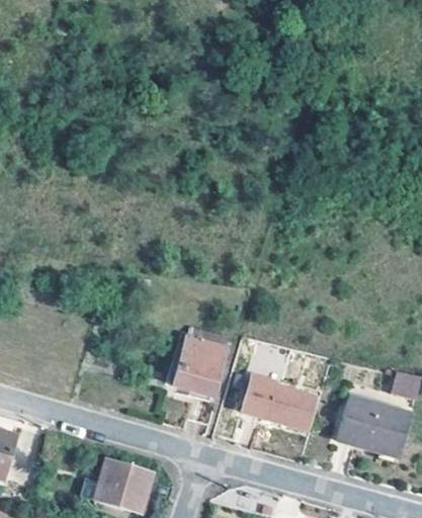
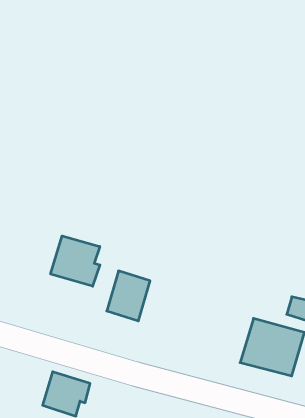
building: none -> [51,236,100,286]
building: [242,373,316,430] -> none

